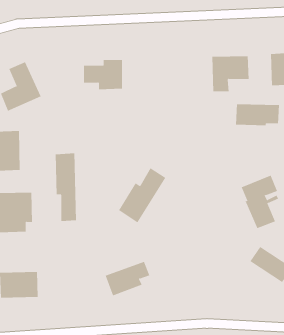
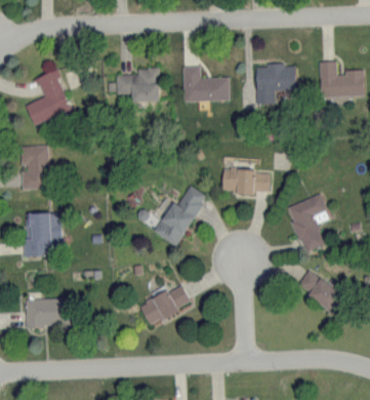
building: none -> [182,67,230,102]
building: [235,104,280,126] -> [222,170,271,194]
building: [55,152,77,222] -> none

